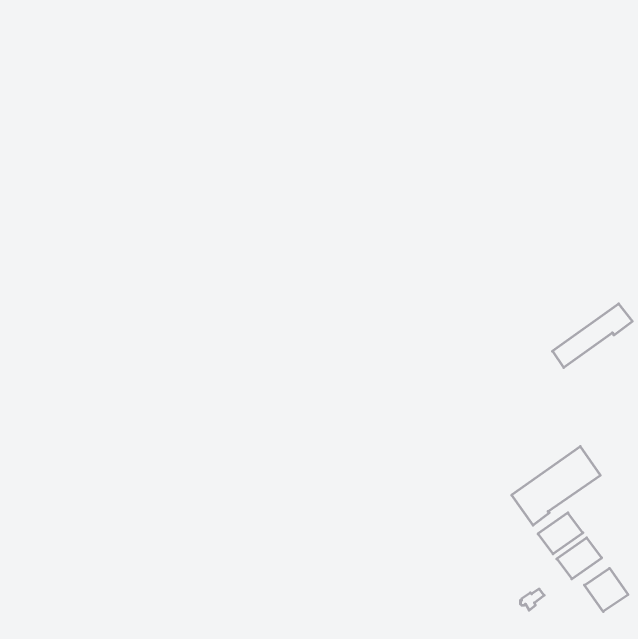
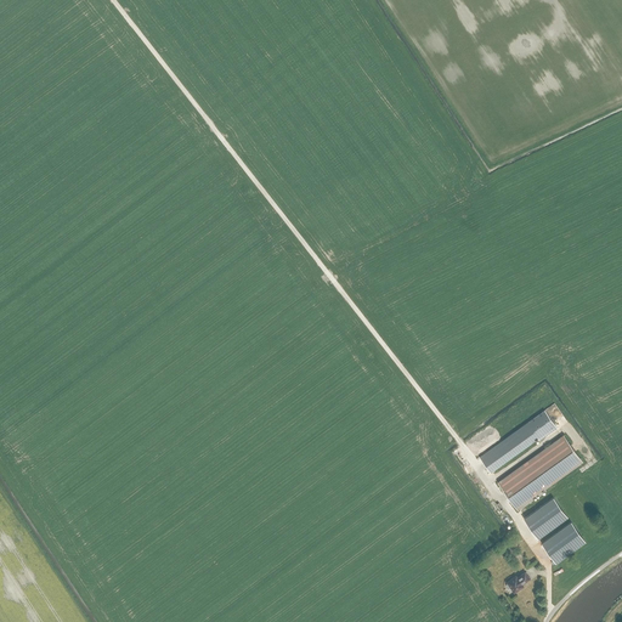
building: [552,304,632,368] -> [479,411,556,473]
building: [584,568,628,612] -> none

